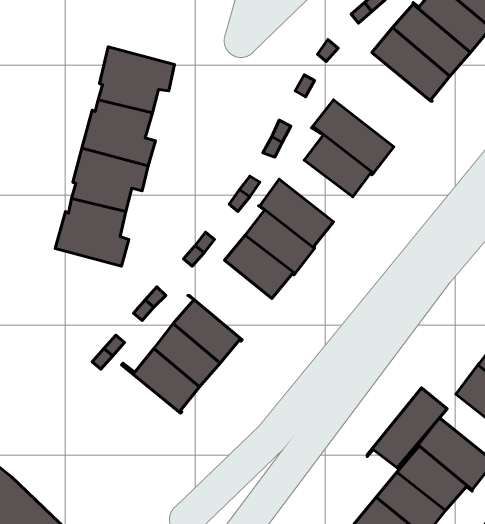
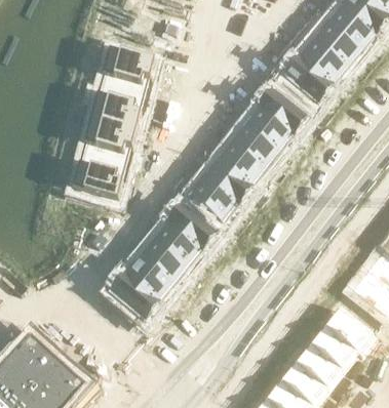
building: none -> [277,49,334,101]
building: none -> [228,124,279,167]
building: none -> [165,200,218,249]
building: none -> [104,267,159,319]
building: [367,388,447,468] -> none

